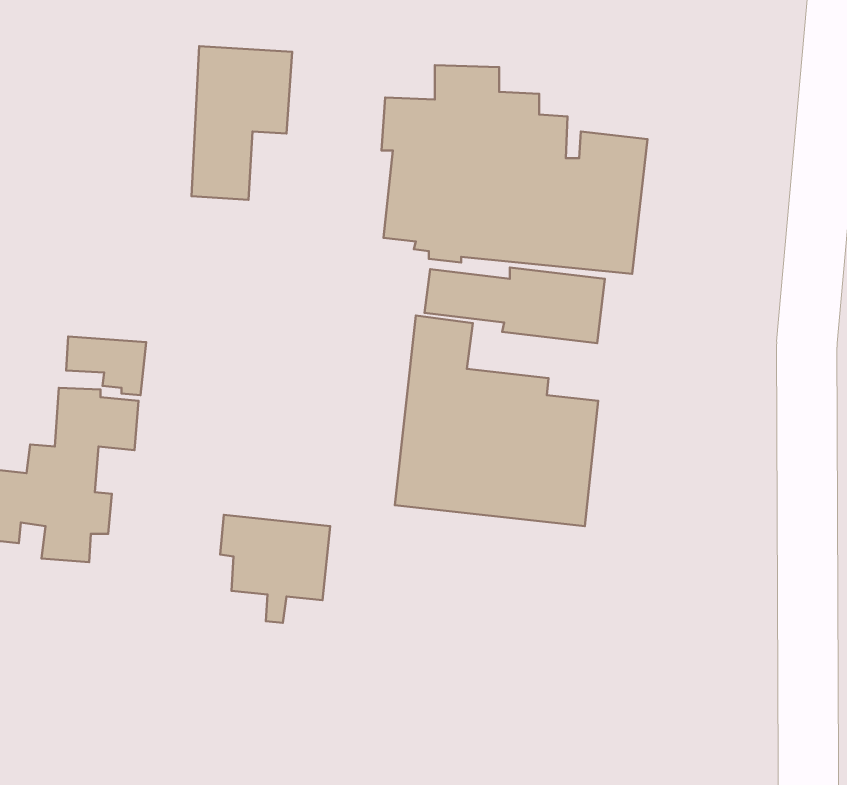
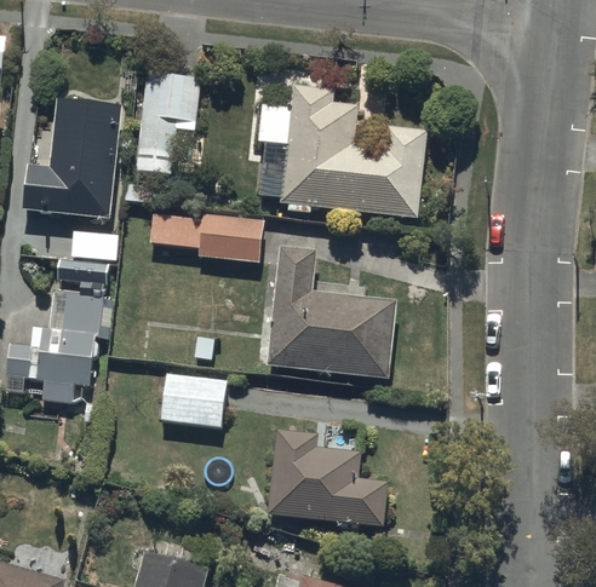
building: none -> [23,99,121,218]
building: [424,267,605,343] -> [149,213,264,261]
building: none -> [269,430,388,524]

